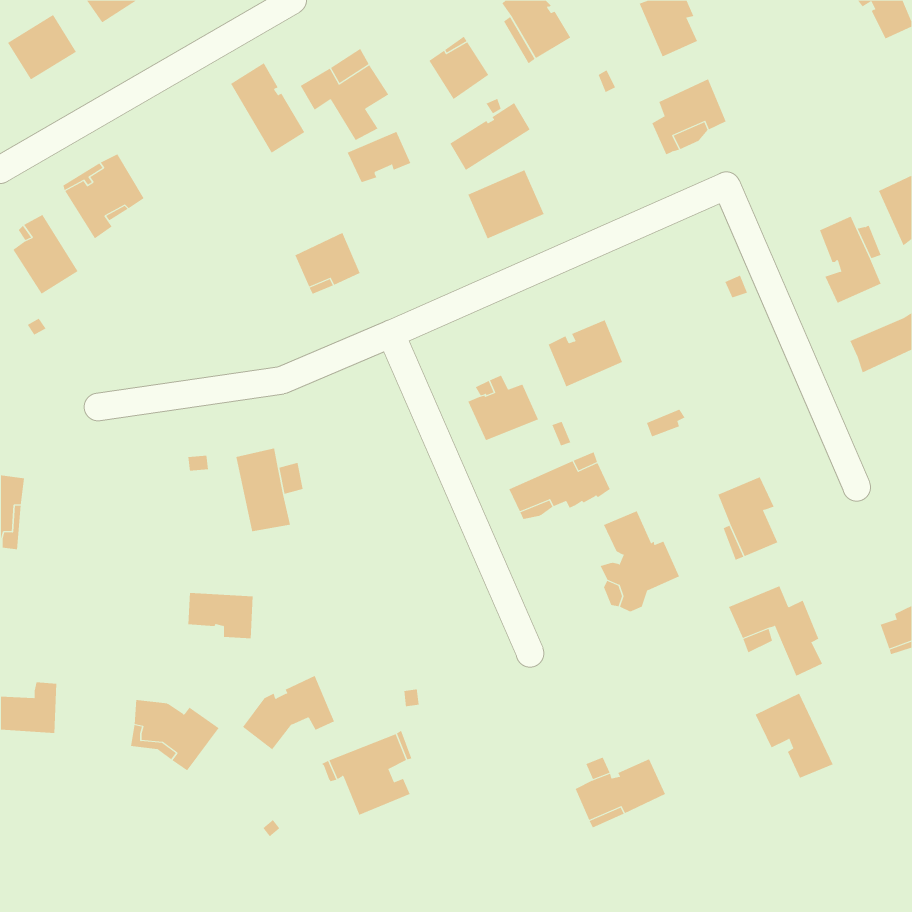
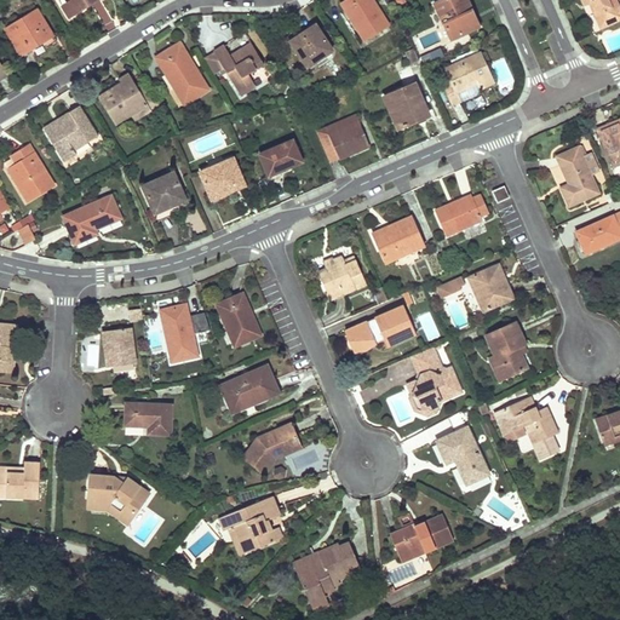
building: [450,102,531,171] -> none
building: none -> [98,74,149,124]
building: none -> [383,84,427,128]
building: [347,131,411,183] -> [259,140,303,176]
building: none -> [140,173,183,214]
building: none -> [435,194,489,236]
building: none -> [62,195,120,243]
building: none -> [469,265,512,310]
building: none -> [217,294,259,346]
building: none -> [107,328,136,366]
building: none -> [222,366,279,408]
building: [242,675,335,750] -> [242,423,305,473]
building: [755,693,833,779] -> [436,426,489,484]
building: none -> [298,541,357,610]

